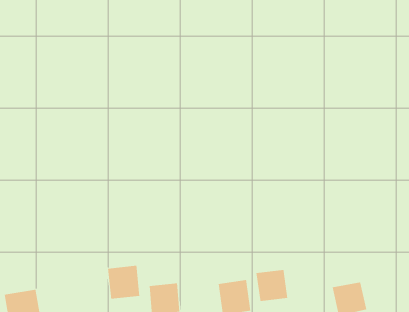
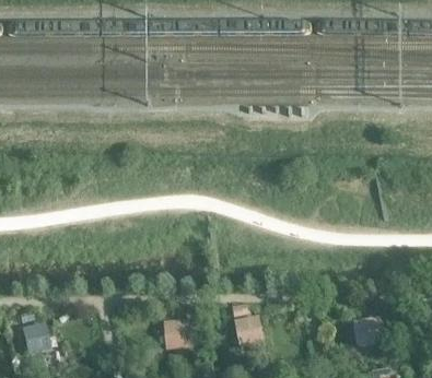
building: [108,265,140,300] -> none
building: [256,269,288,302] -> none

